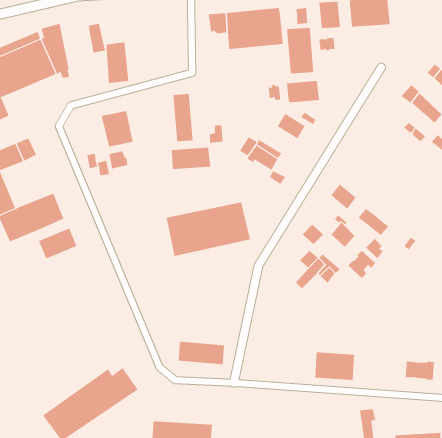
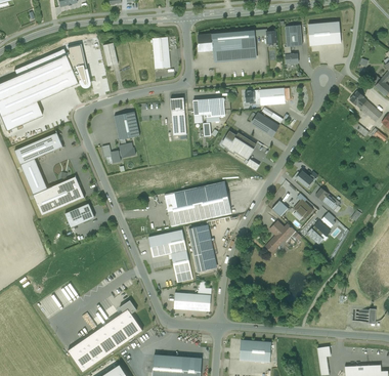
building: [287,27,314,74] -> none
building: [106,42,129,84] -> [153,36,171,69]
building: [171,147,211,169] -> [193,97,225,115]
building: none -> [188,224,217,271]
building: none -> [148,228,192,282]
building: [315,352,355,380] -> [239,339,270,362]

